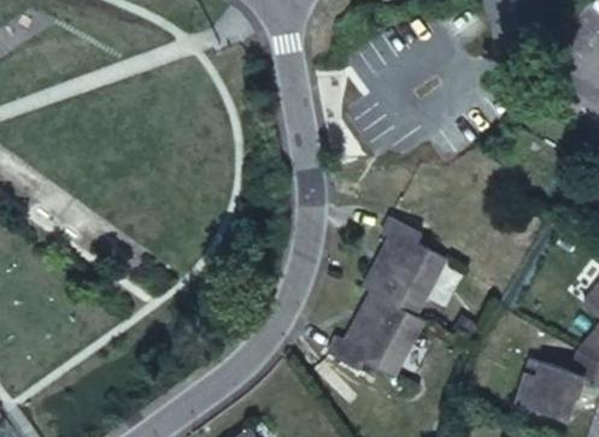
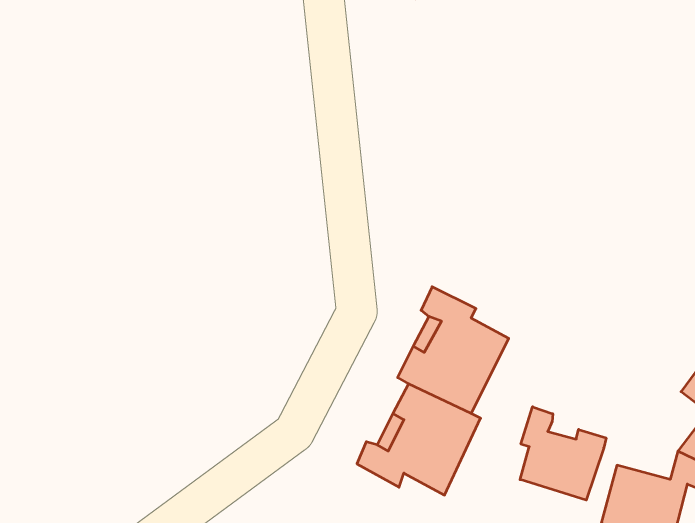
building: none -> [520,407,606,500]

